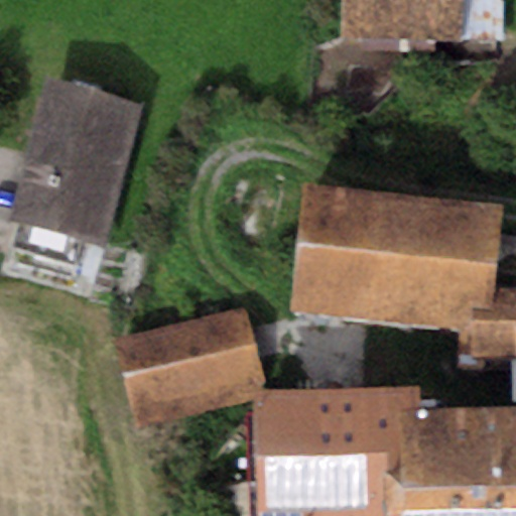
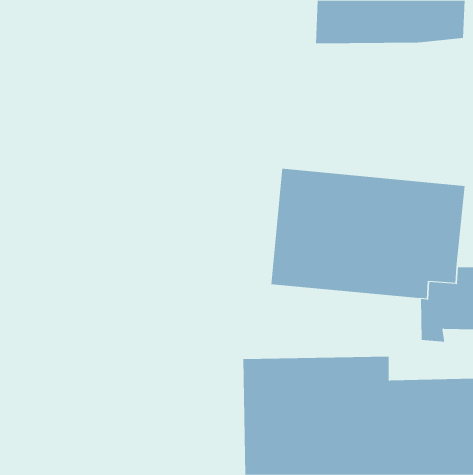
building: [10,82,140,262] -> none
building: [111,310,258,422] -> none

